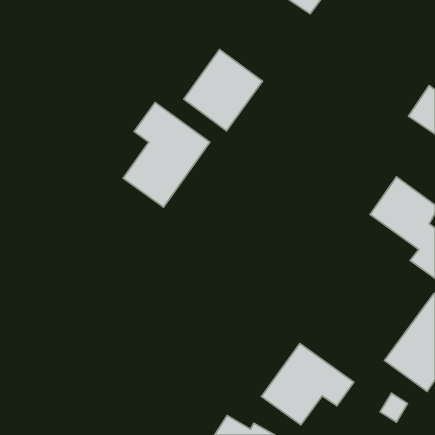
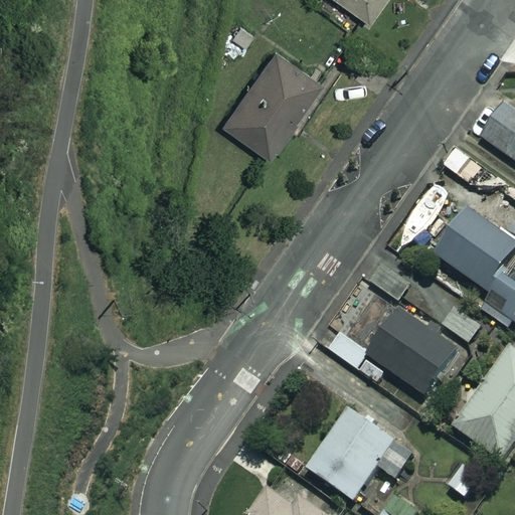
building: [123,102,210,207] -> none
building: none -> [329,308,459,395]

